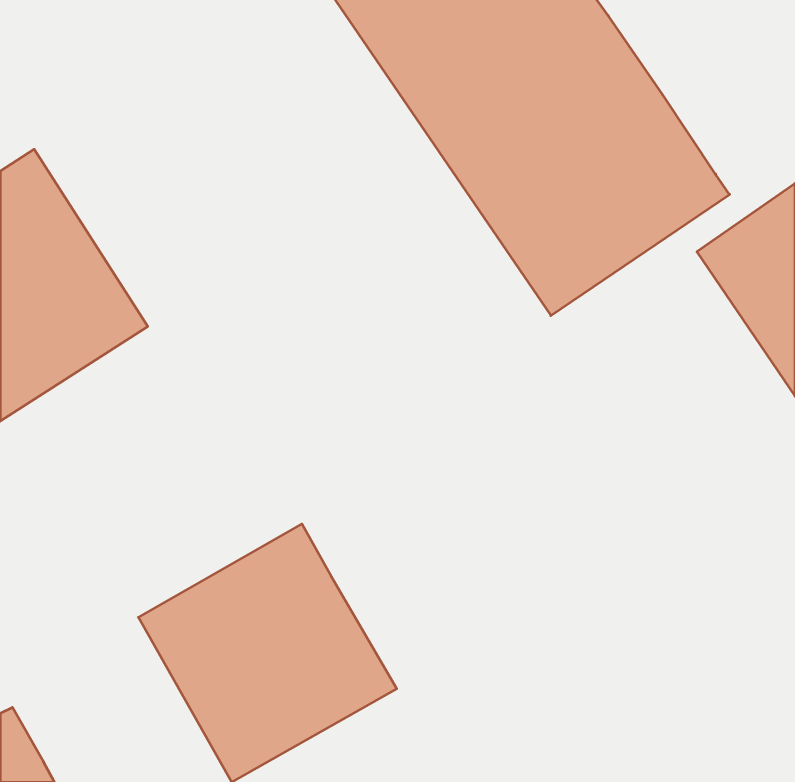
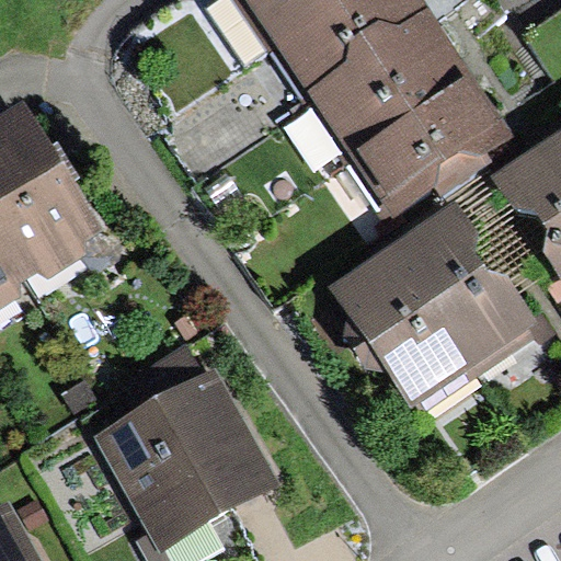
building: none -> [330,199,539,407]

